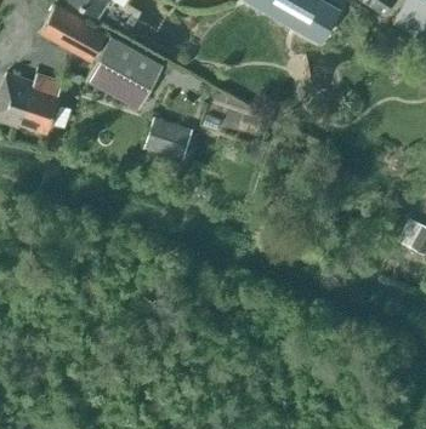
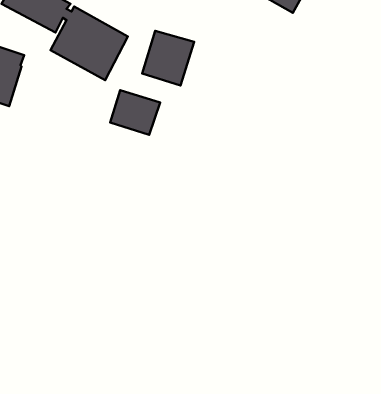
building: none -> [142,31,194,86]

